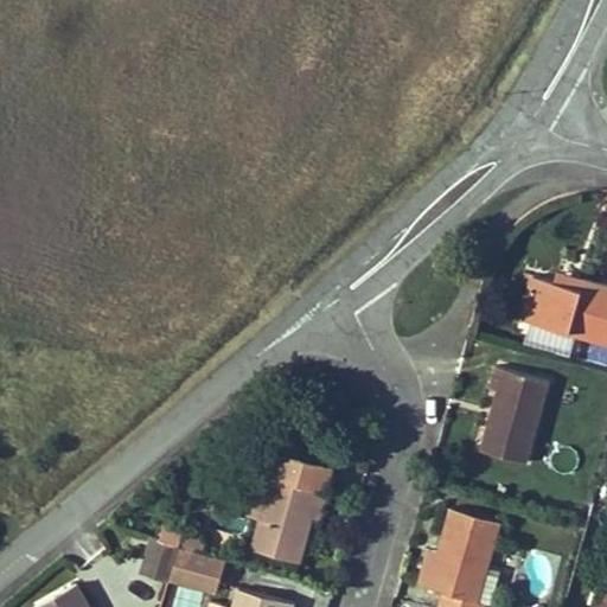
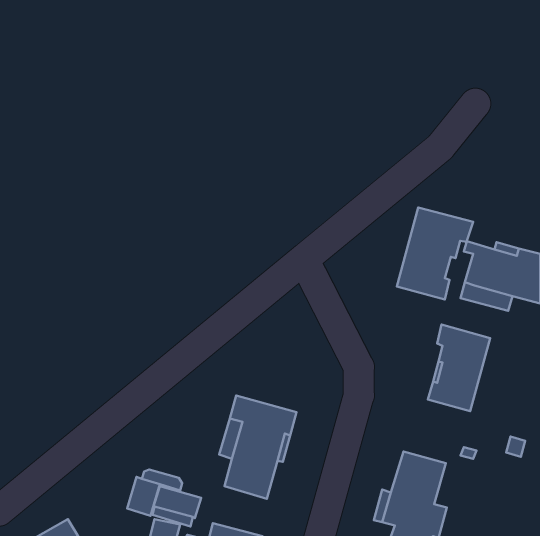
building: none -> [397,208,473,299]

